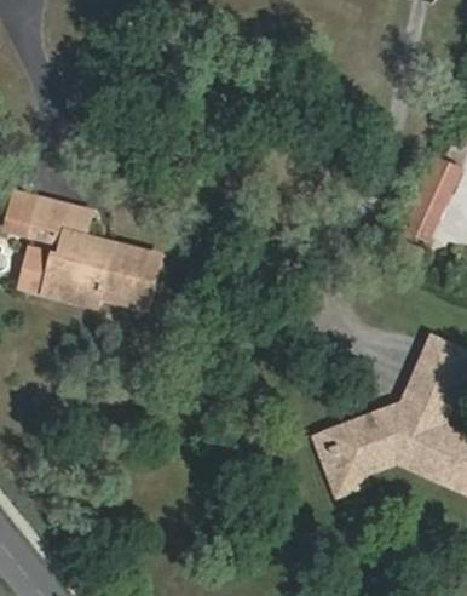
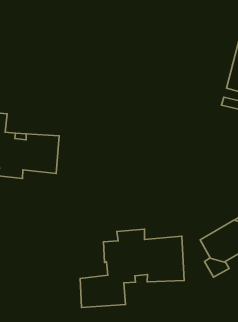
building: none -> [80,229,184,307]

